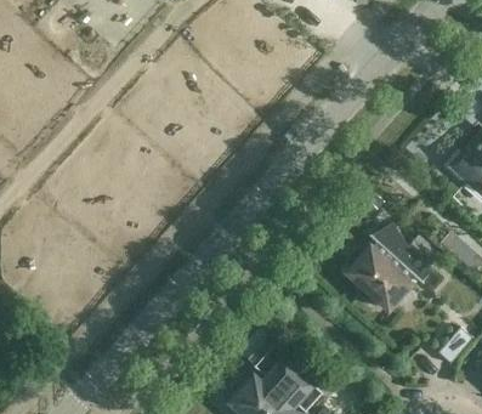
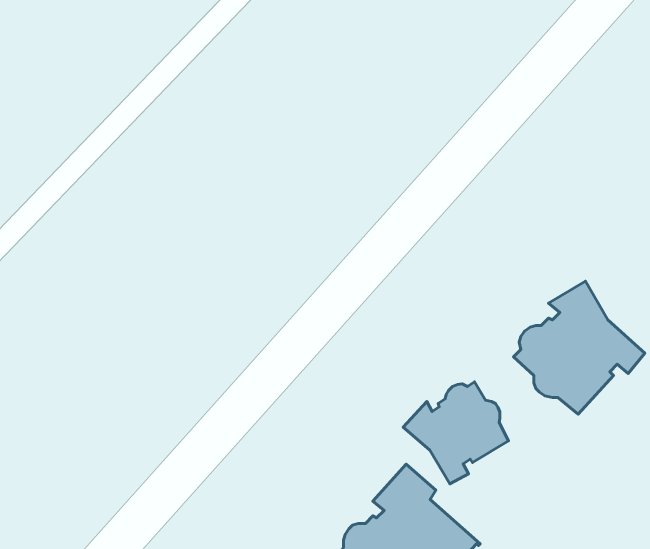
building: none -> [403,382,509,484]

